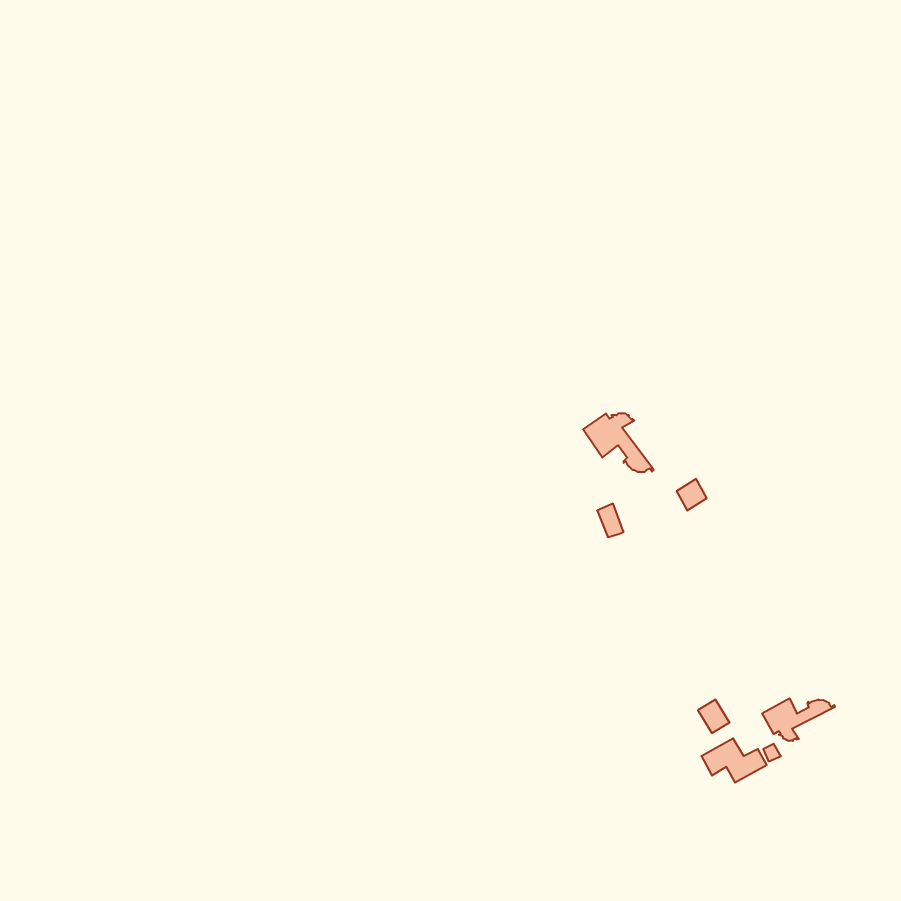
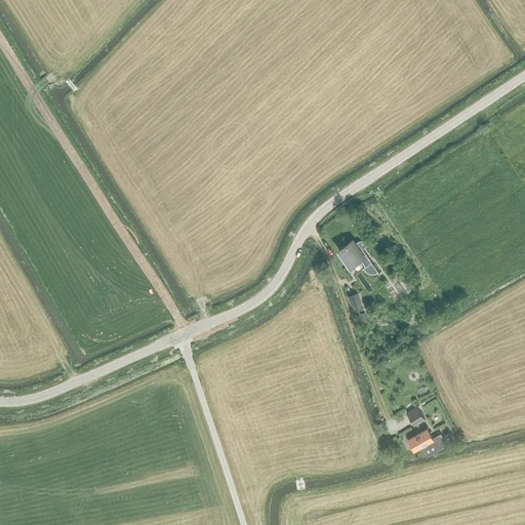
building: [762,698,835,741] -> none

